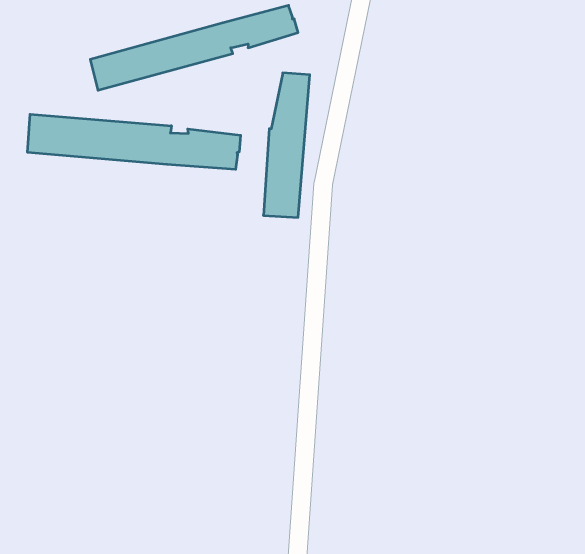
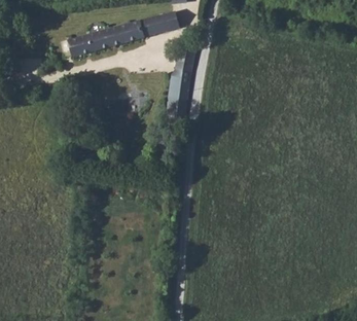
building: [28,114,241,169] -> none

